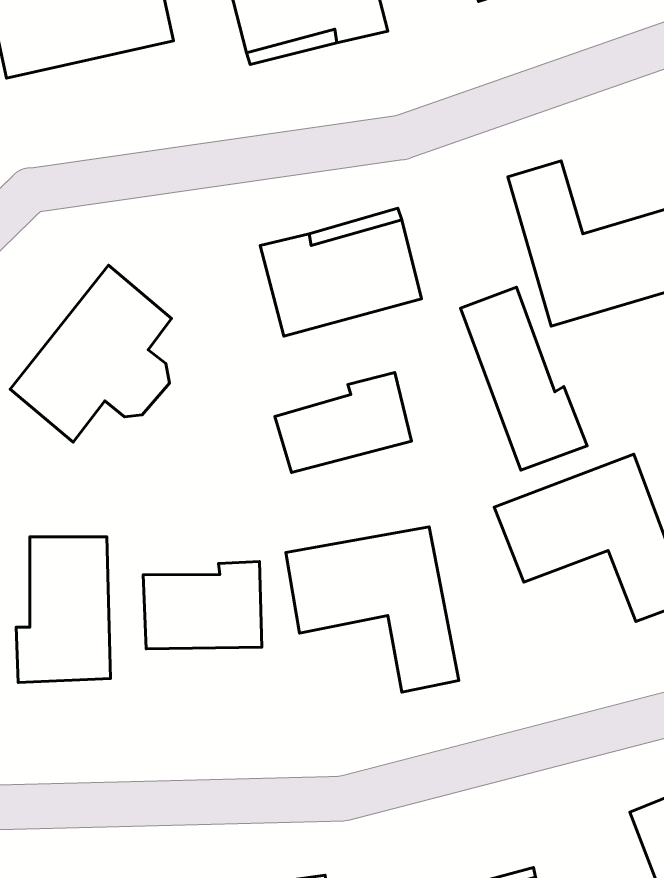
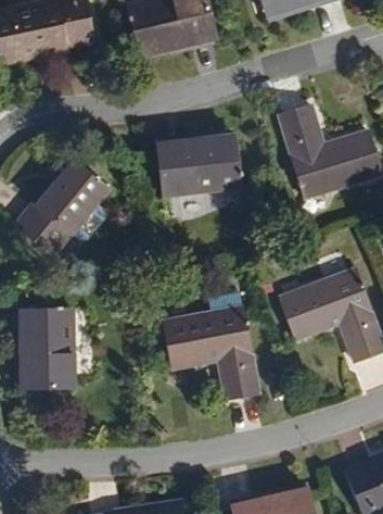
building: [460,287,587,470] -> none
building: [275,373,411,472] -> none
building: [143,561,262,649] -> none

